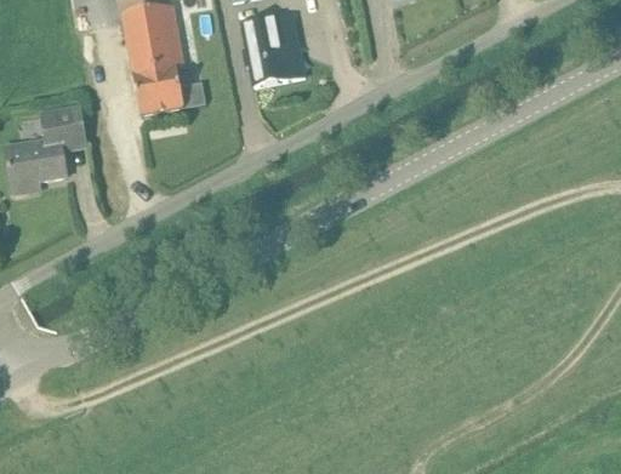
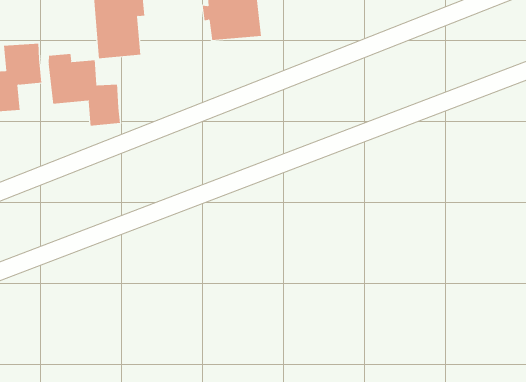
building: none -> [48,53,121,126]

